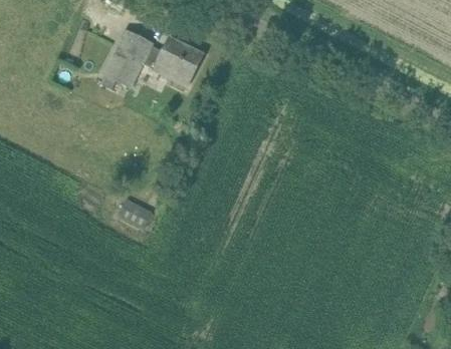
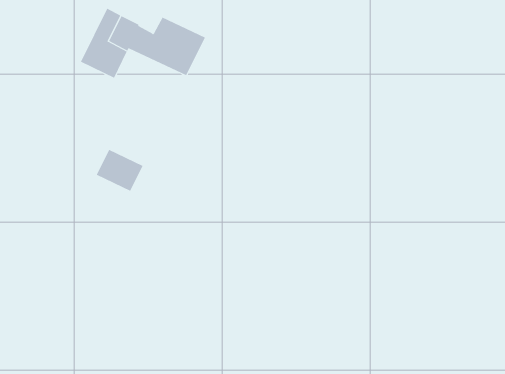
building: [116,196,153,229] -> [96,149,143,191]

